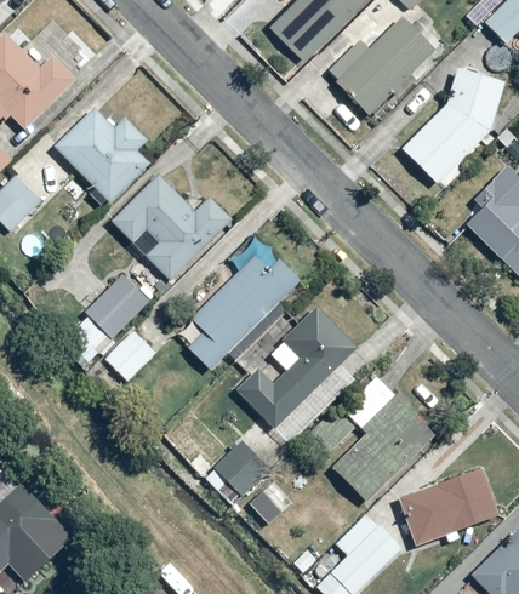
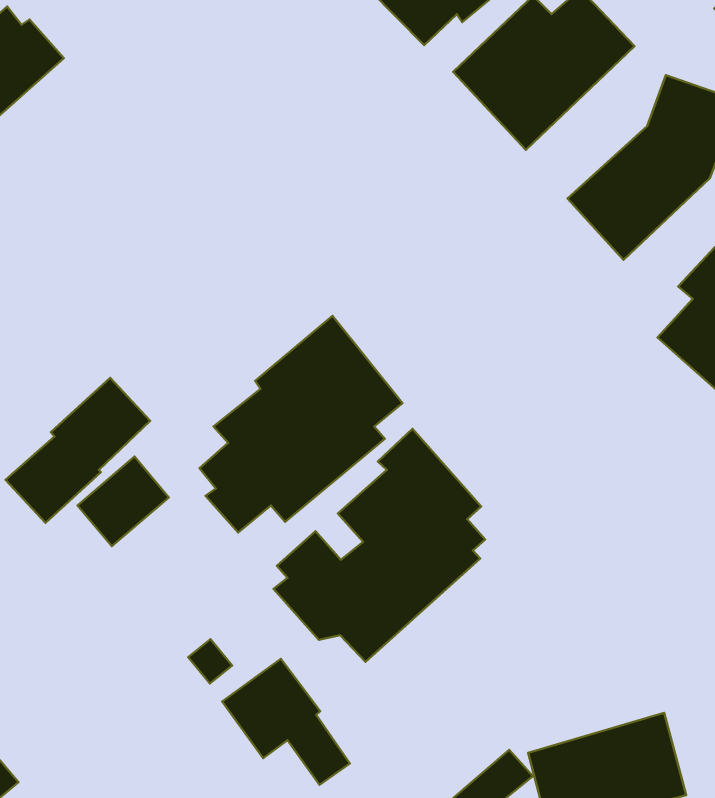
building: [55,105,153,205] -> none
building: [109,172,236,282] -> none
building: [329,372,439,504] -> none

